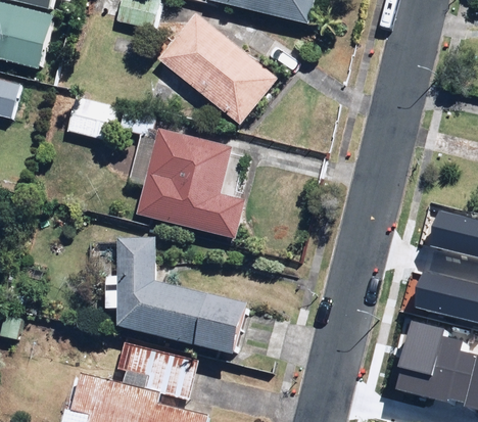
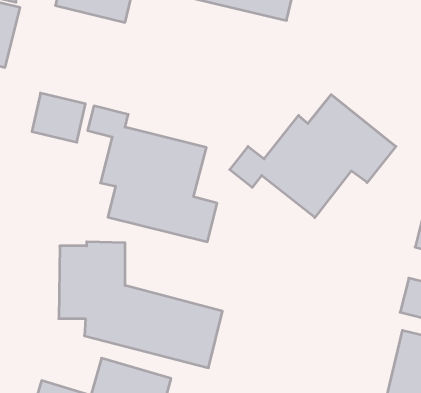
building: [156,11,278,124] -> none
building: none -> [230,95,396,218]

